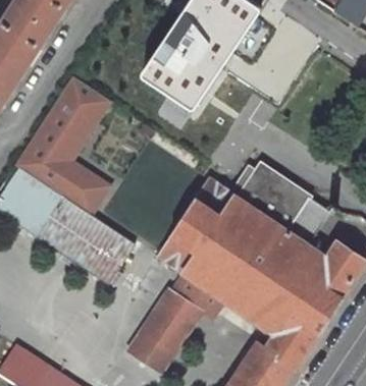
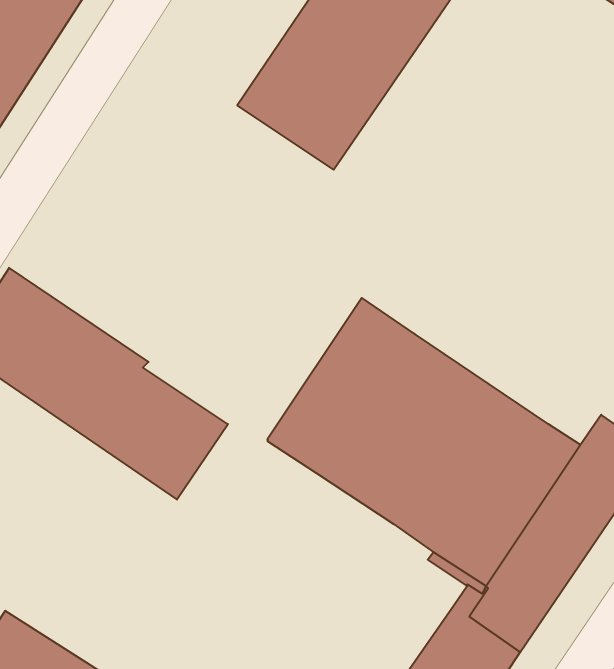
building: [17,76,112,212] -> none
building: [236,162,331,245] -> none
building: [127,272,225,373] -> none

